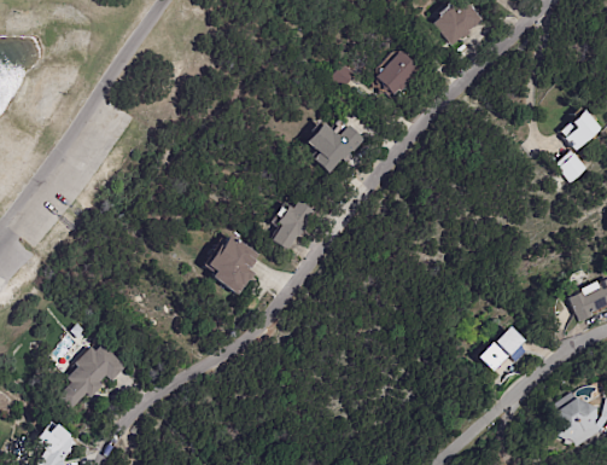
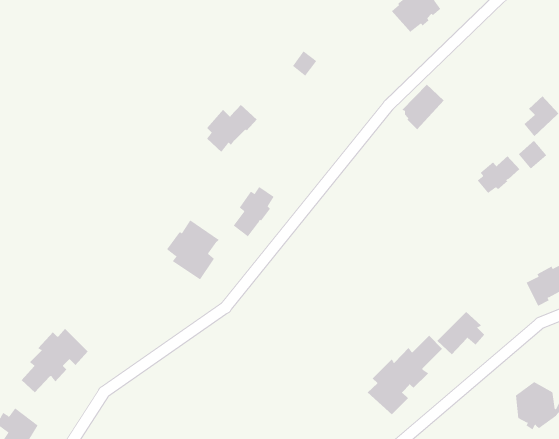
building: [375,50,419,97] -> [402,84,445,130]
building: [313,123,364,173] -> [206,104,257,153]
building: none -> [477,156,520,194]
building: none -> [367,335,443,415]

